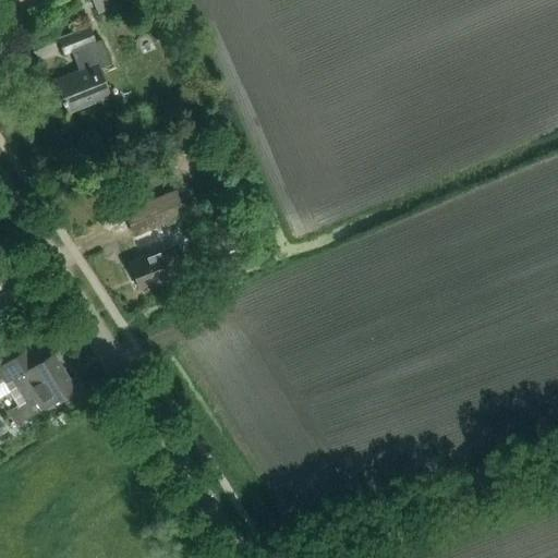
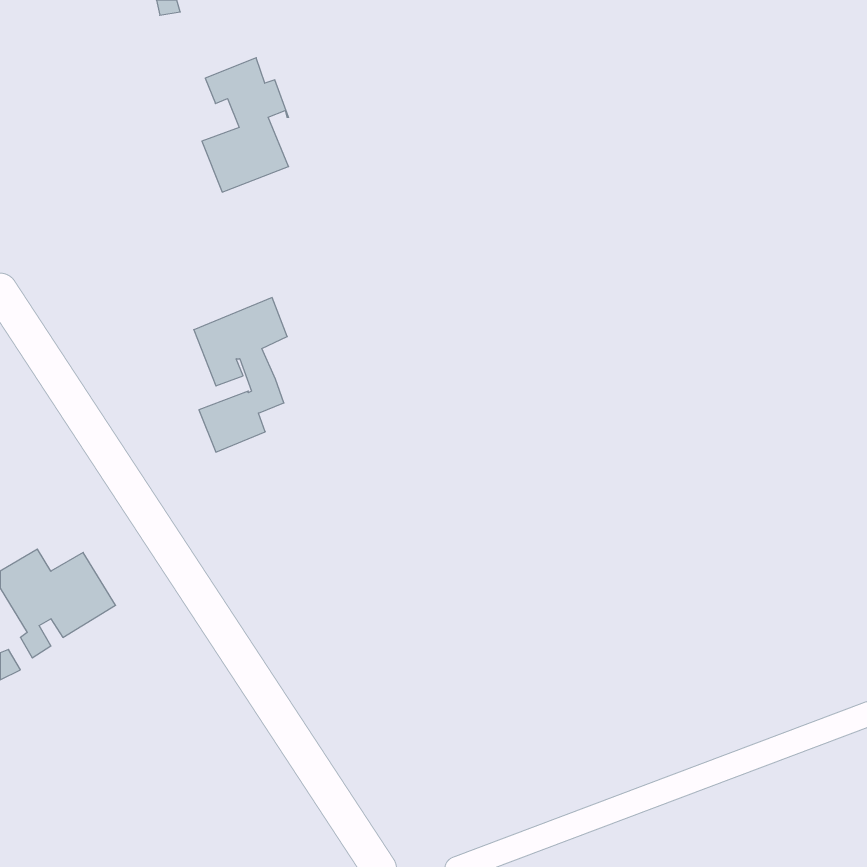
building: [56,27,111,113] -> [202,58,289,192]

